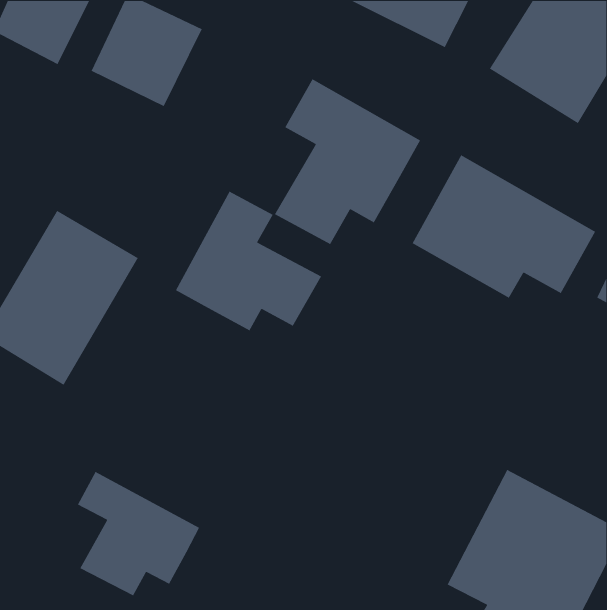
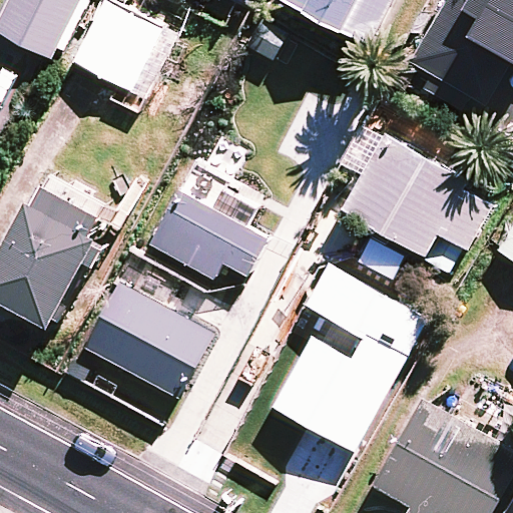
building: [274,78,421,245] -> none
building: none -> [93,262,207,391]
building: none -> [272,263,427,451]
building: [77,471,200,597] -> none

